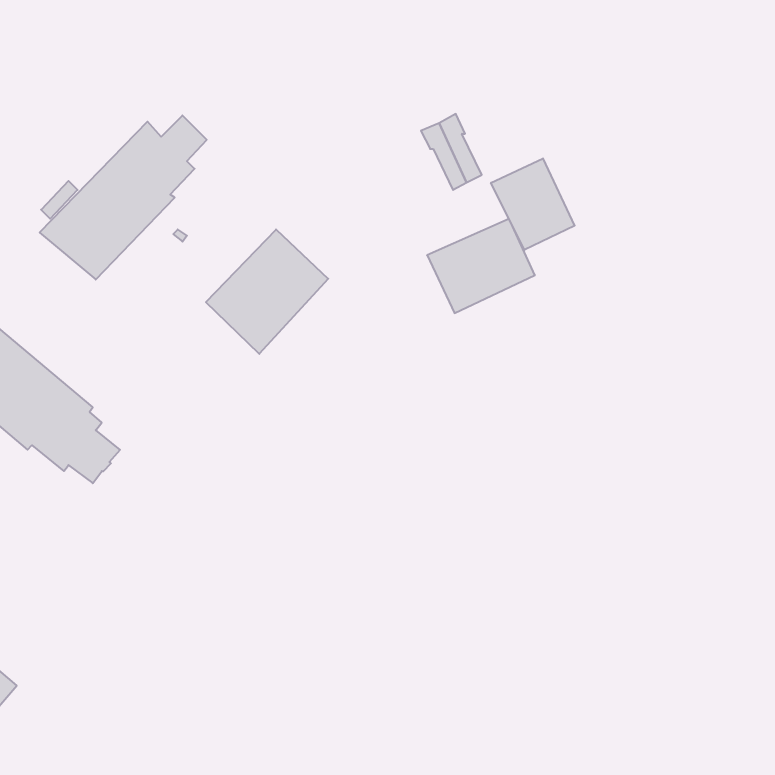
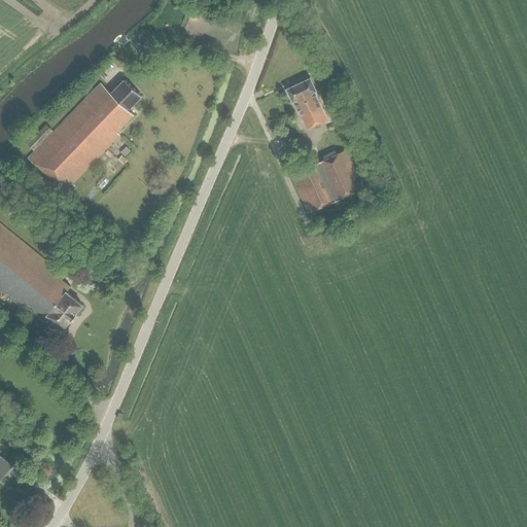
building: [491,158,575,250] -> none
building: [206,229,328,354] -> none

